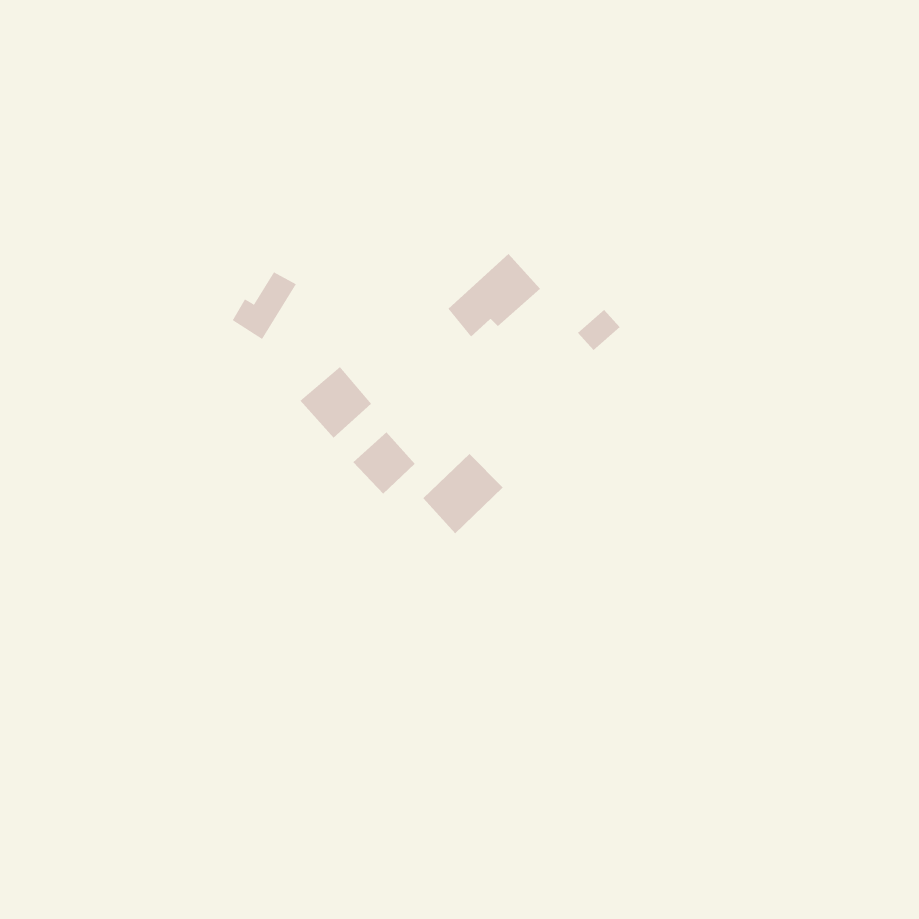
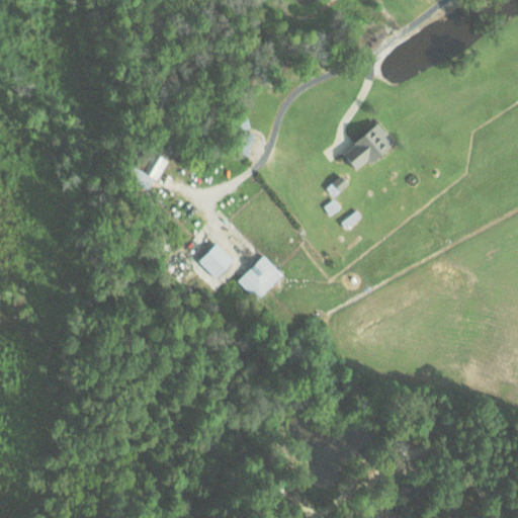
building: [447,253,541,338] -> [343,122,396,170]
building: [300,366,372,439] -> none

